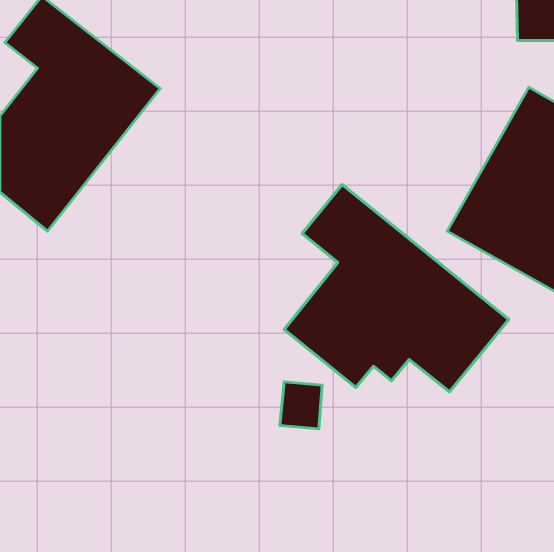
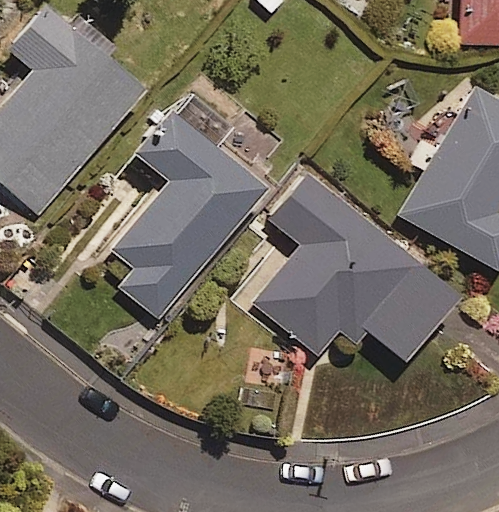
building: none -> [113,90,264,319]

